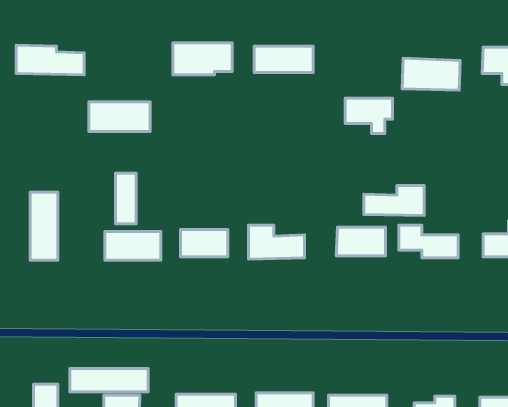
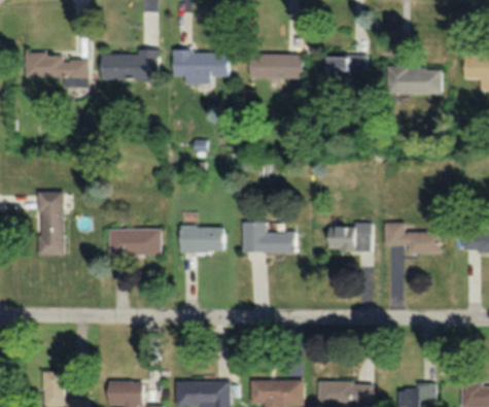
building: [345,98,392,133] -> [324,57,369,90]
building: [89,102,150,131] -> [101,53,159,80]
building: [115,173,136,224] -> none
building: [364,185,424,215] -> none
building: [70,369,148,392] -> none

